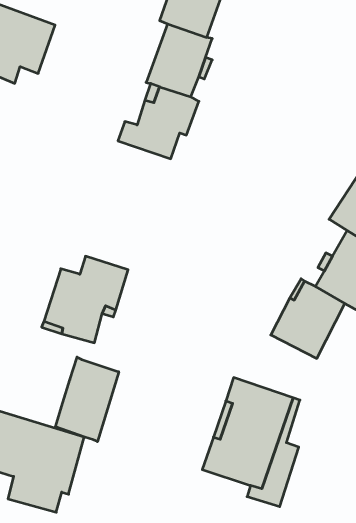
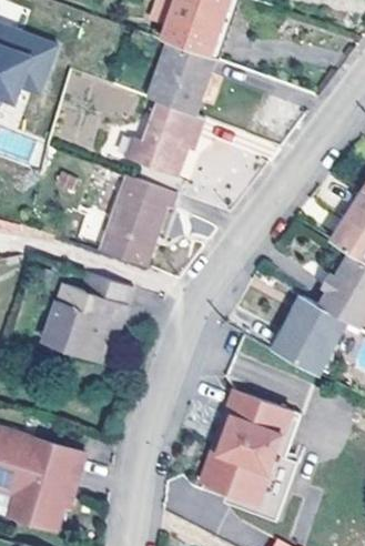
building: none -> [98,175,173,266]
building: [56,357,119,442] -> none

